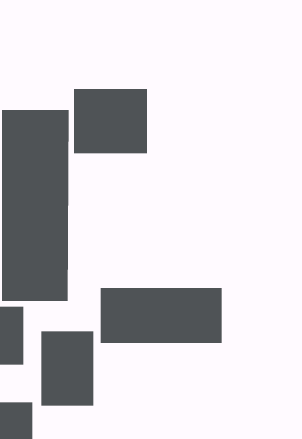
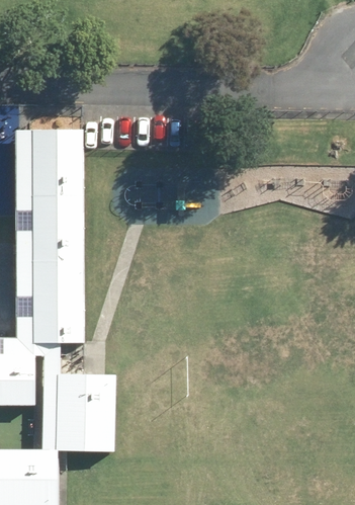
building: [73,88,148,154] -> none
building: [100,287,222,344] -> none

